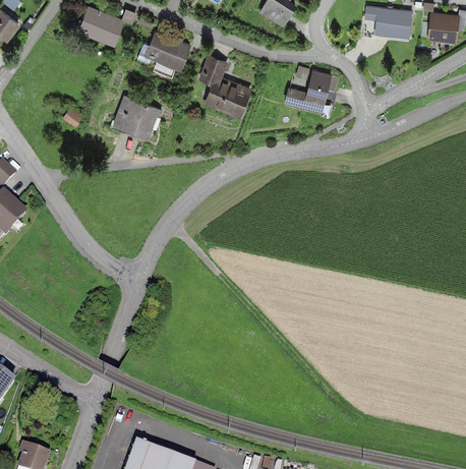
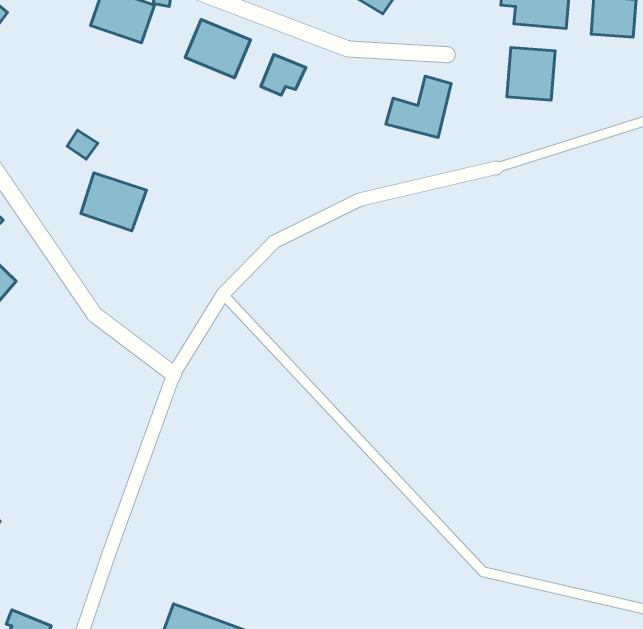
building: none -> [507,48,555,100]
building: [203,76,250,117] -> none
building: [115,97,161,137] -> [81,173,146,231]

